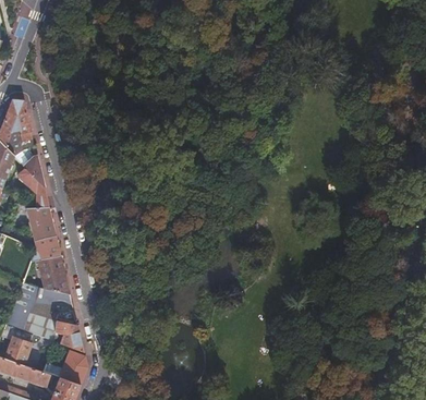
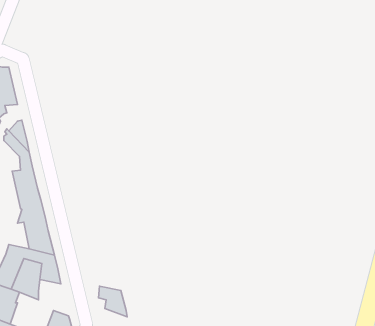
building: [53,318,83,350] -> [99,286,127,317]

